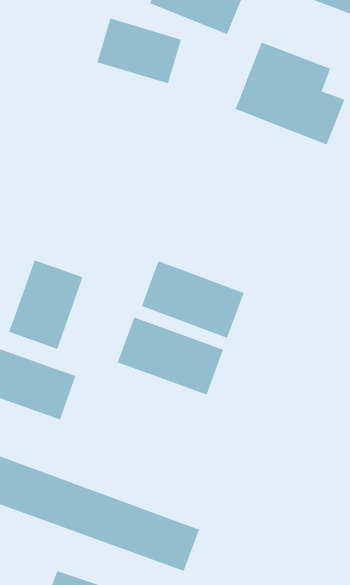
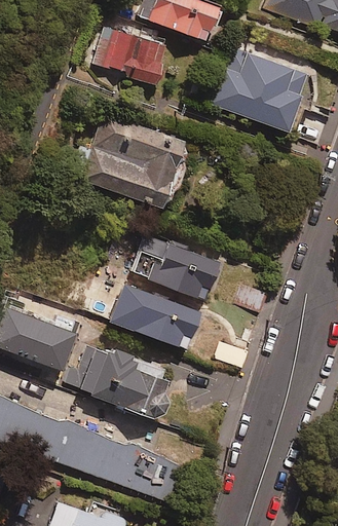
building: none -> [82,112,187,209]
building: [9,259,83,350] -> none
building: none -> [68,342,170,419]

